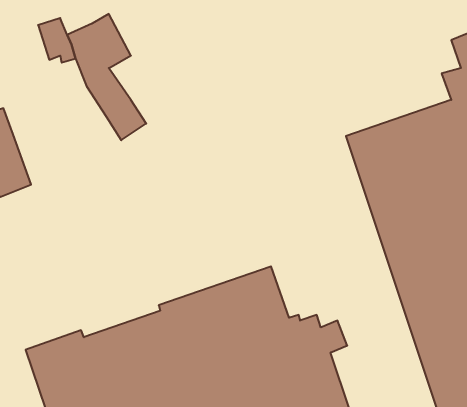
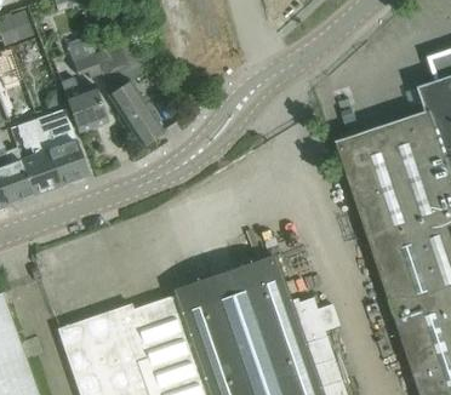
building: none -> [59,76,107,133]
building: none -> [47,109,89,185]

